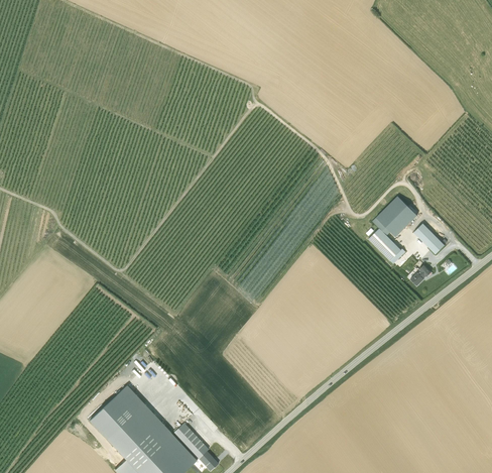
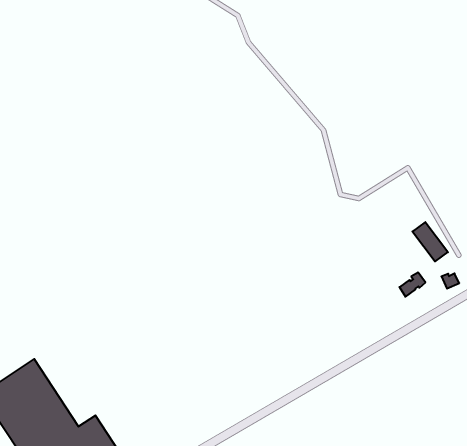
building: [368,197,416,264] -> none

